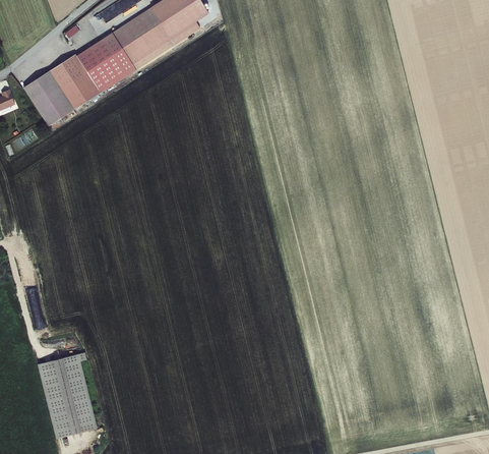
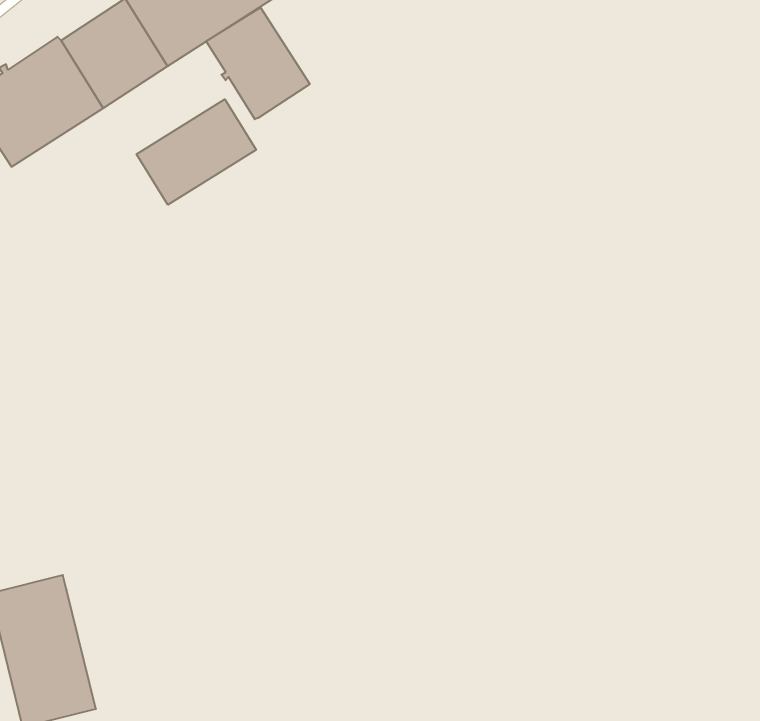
building: none -> [206,7,310,119]
building: none -> [137,99,256,205]

